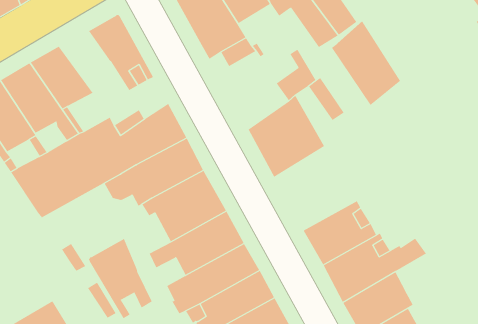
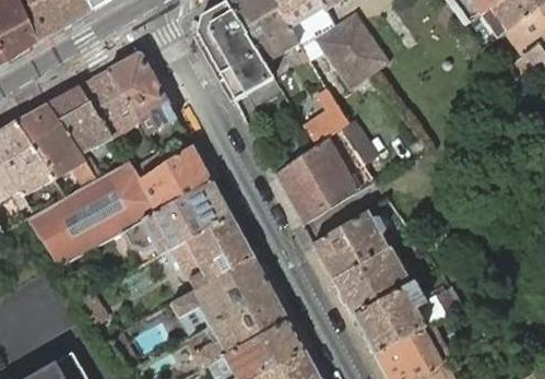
building: [331,21,401,106] -> none
building: none -> [78,71,132,137]
building: none -> [315,211,395,280]
building: [88,238,152,319] -> none

